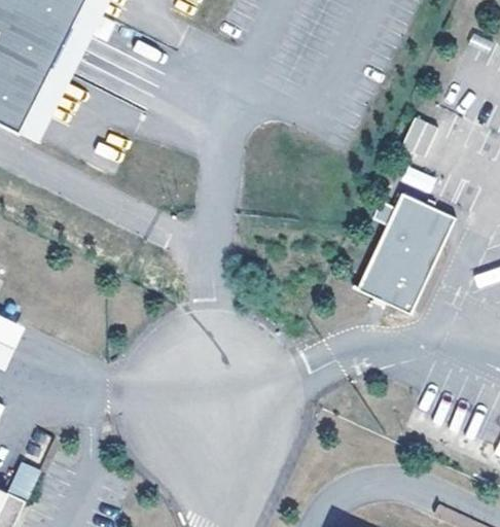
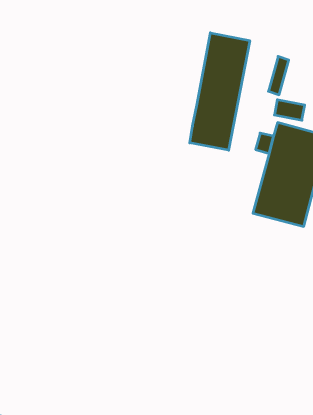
building: none -> [190,33,250,150]

